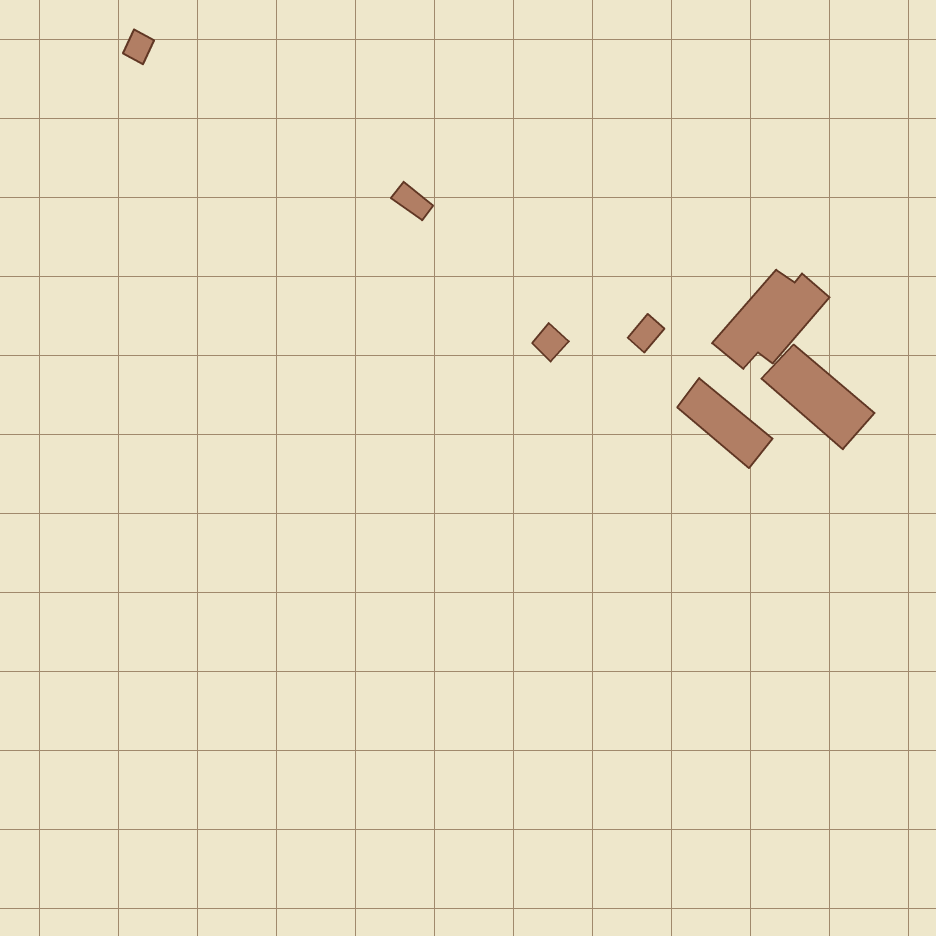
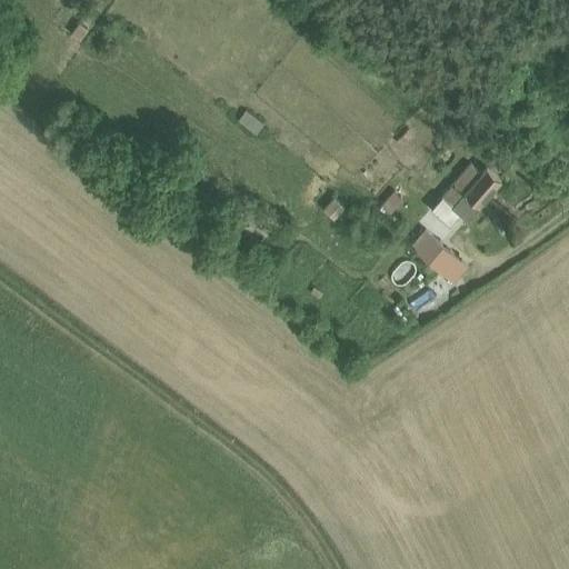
building: [761,345,875,449] -> none

